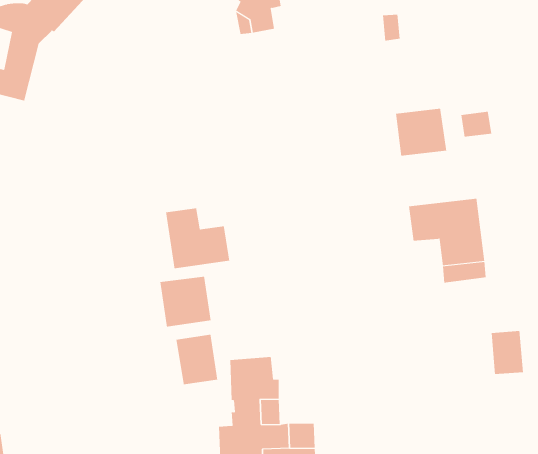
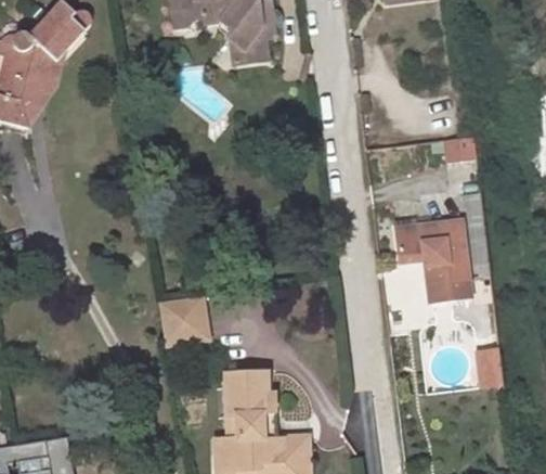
building: [395,108,447,157] -> none
building: [166,208,230,269] -> none
building: [176,334,218,385] -> none

